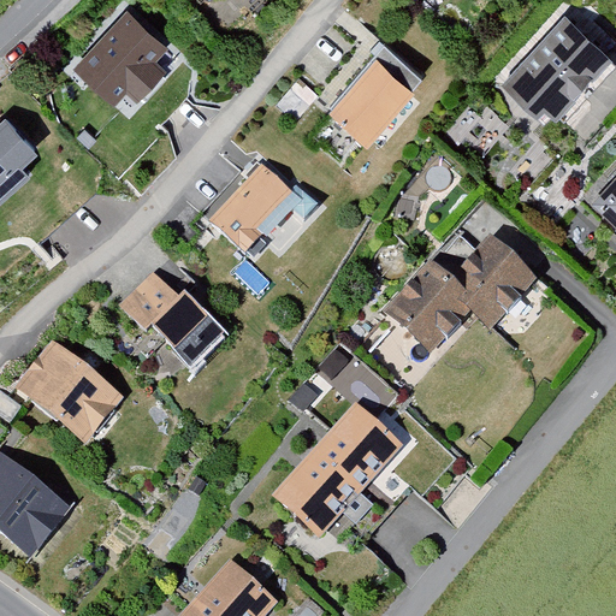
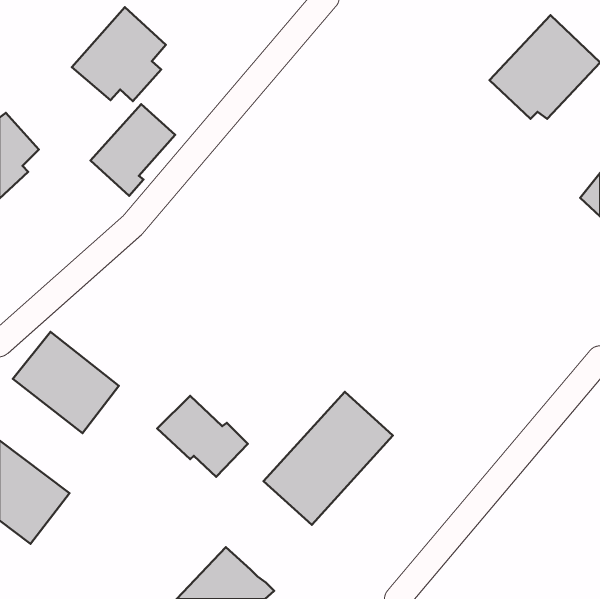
building: [342,66,431,156] -> none
building: [212,162,298,256] -> [90,104,175,196]
building: [385,237,534,350] -> none
building: [119,272,212,355] -> [157,396,248,477]

